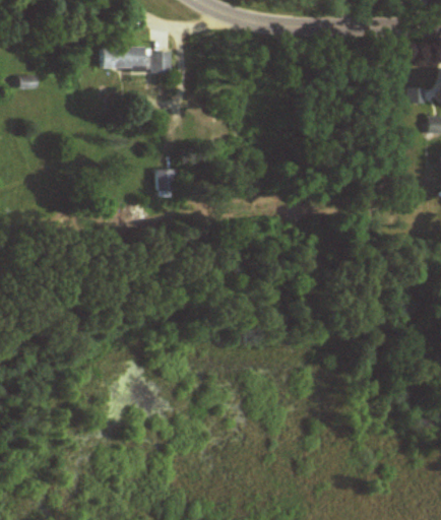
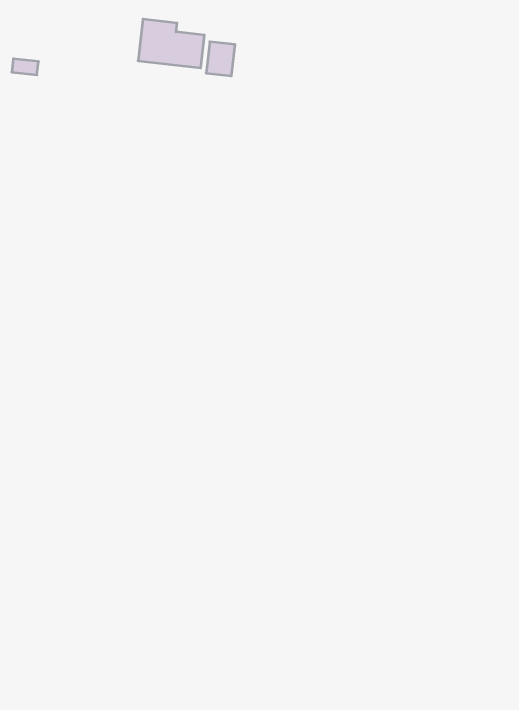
building: [155,170,175,191] -> none

